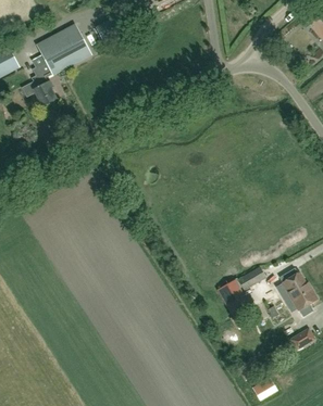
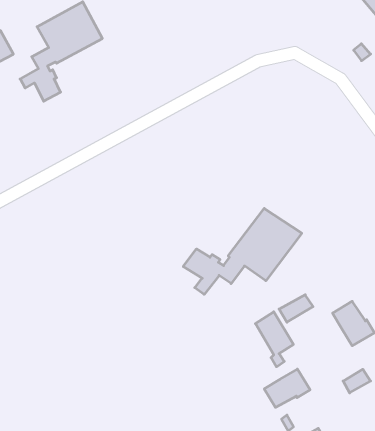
building: none -> [183,208,302,294]
building: none -> [264,369,310,407]

